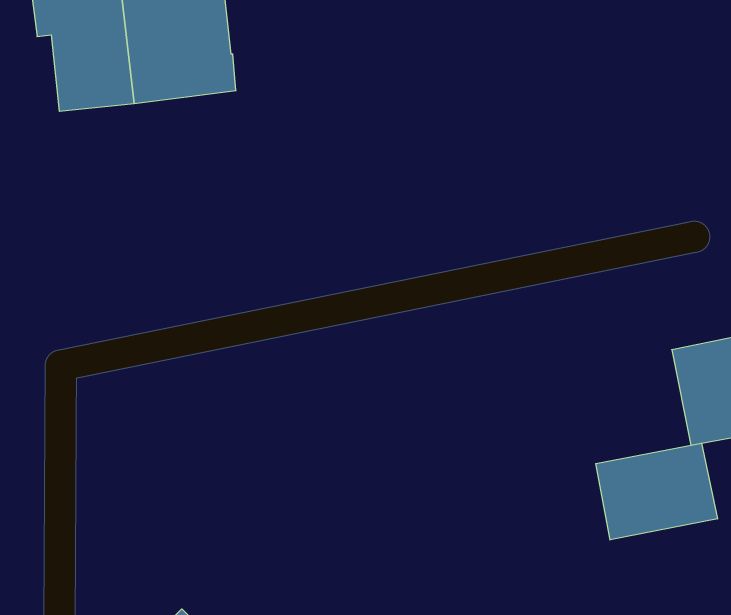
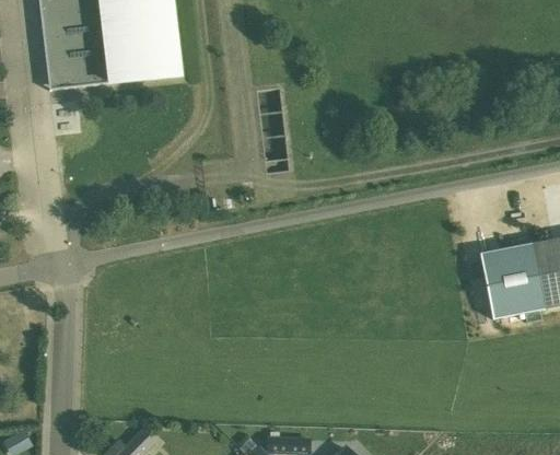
building: [596,443,717,540] -> none

